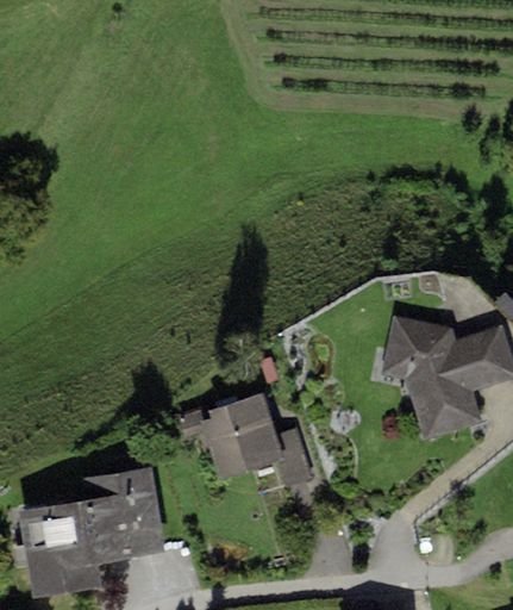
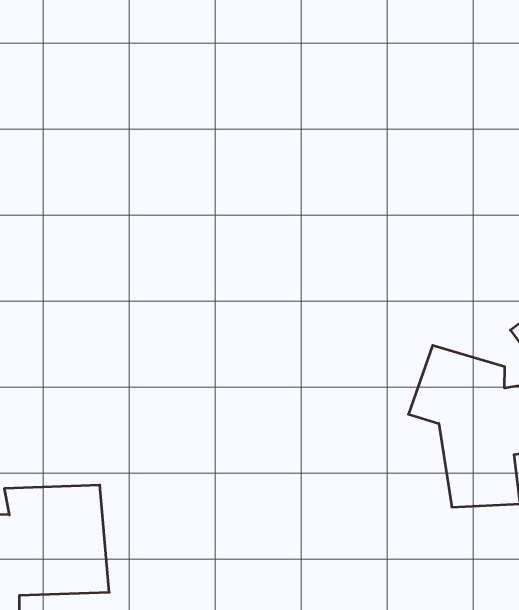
building: [194,392,312,486] -> none

